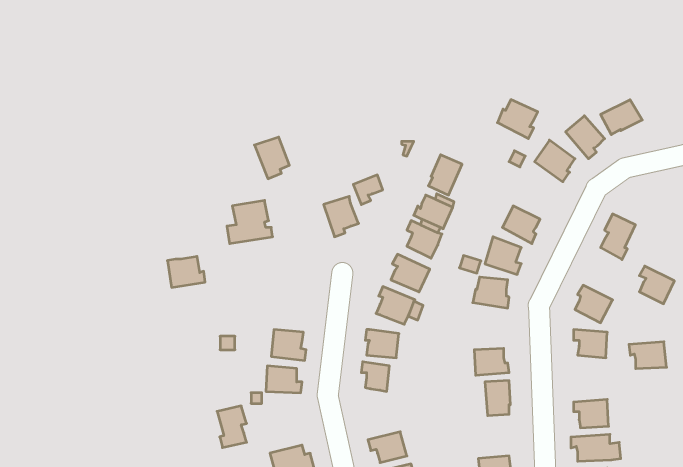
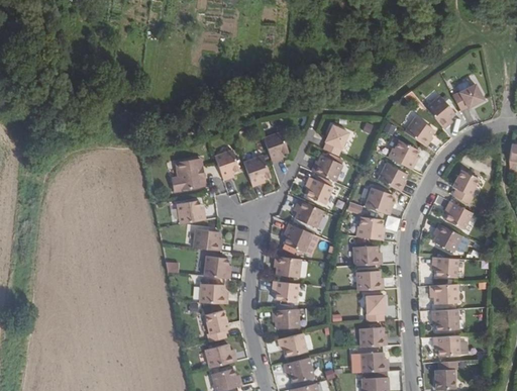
building: [497,100,538,139] -> [388,139,418,169]
building: [254,137,289,179] -> [213,149,239,180]
building: [167,256,205,287] -> [177,200,205,223]
building: [639,266,674,304] -> [444,200,471,228]
building: none -> [194,229,221,251]
building: none -> [353,246,381,266]
building: [629,342,667,369] -> [429,283,457,303]
building: none -> [272,308,300,328]
building: [217,406,247,448] -> [205,310,227,341]
building: none -> [359,326,386,347]

